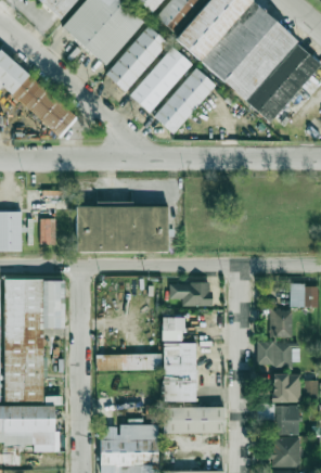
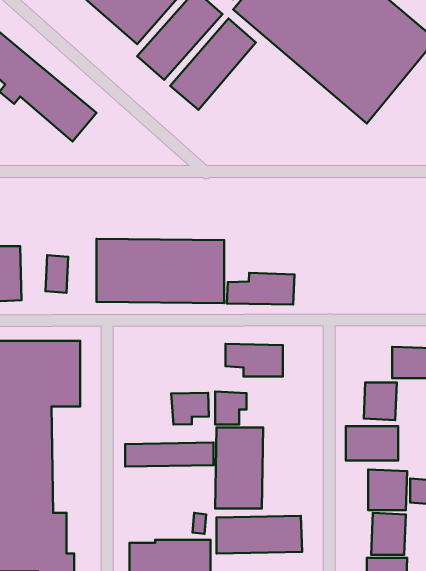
building: [154,68,217,133] -> none
building: none -> [227,273,295,304]
building: none -> [171,393,209,425]

